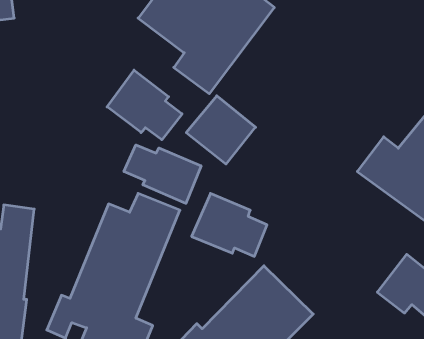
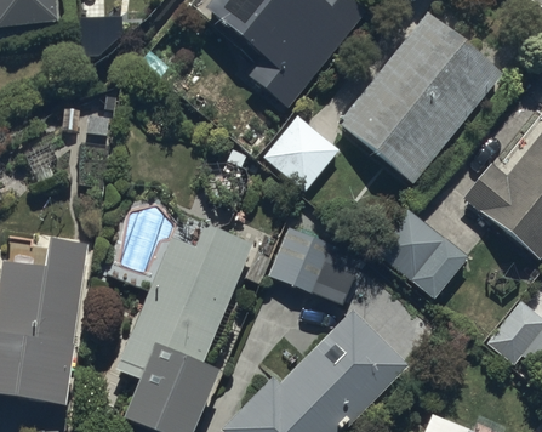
building: none -> [333,10,502,184]
building: [107,70,182,140] -> none
building: [124,145,201,203] -> none
building: none -> [369,201,469,300]

